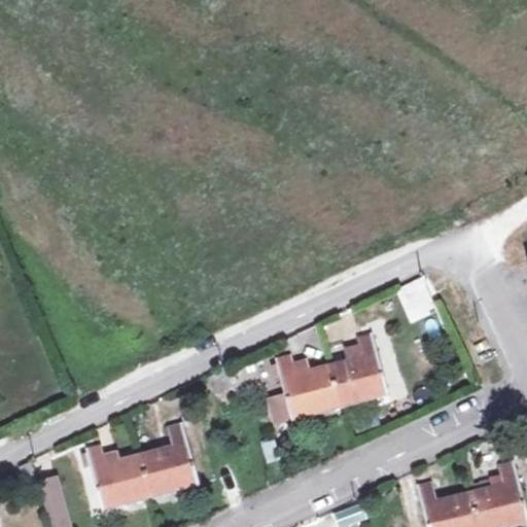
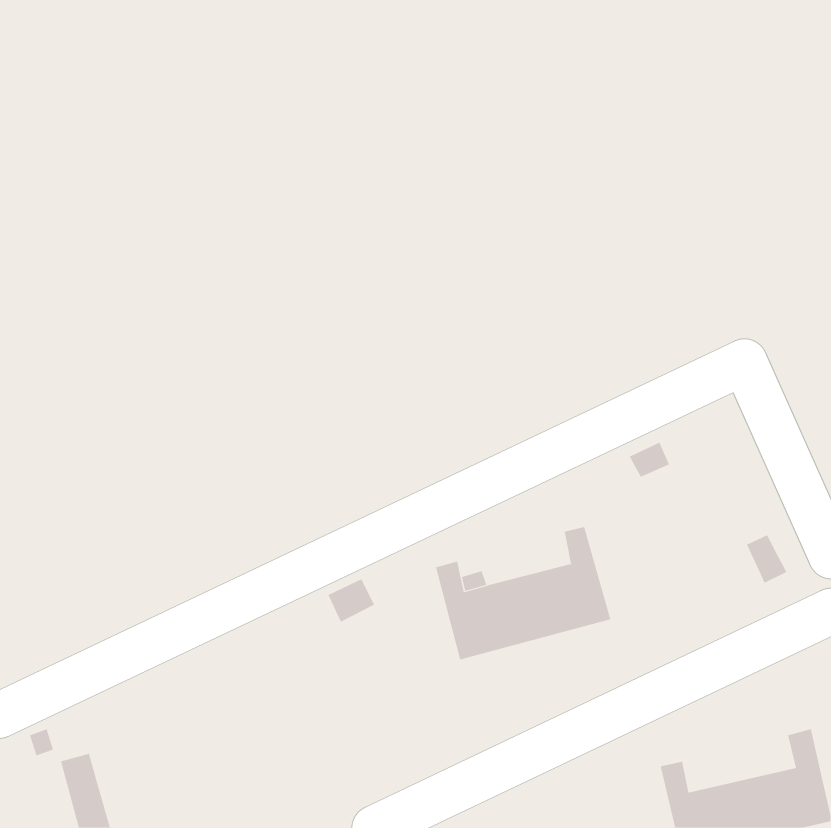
building: [86,423,197,507] -> none

